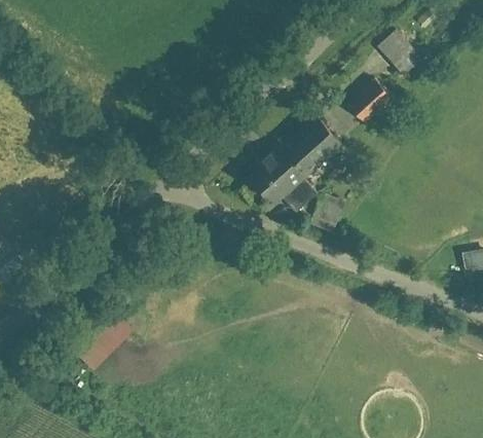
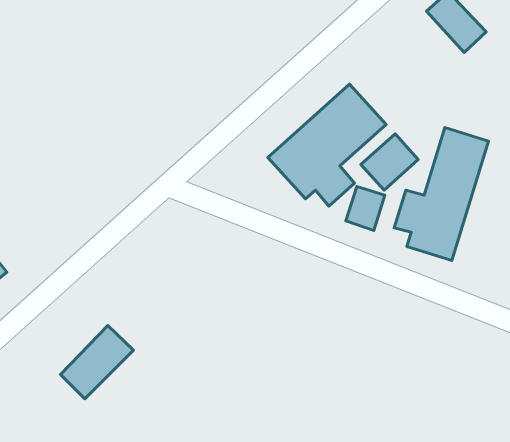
building: [345,77,394,124] -> [361,134,418,190]
building: none -> [394,128,488,261]

